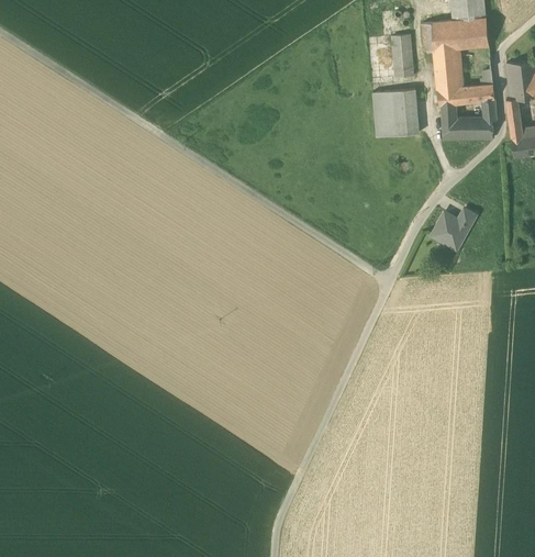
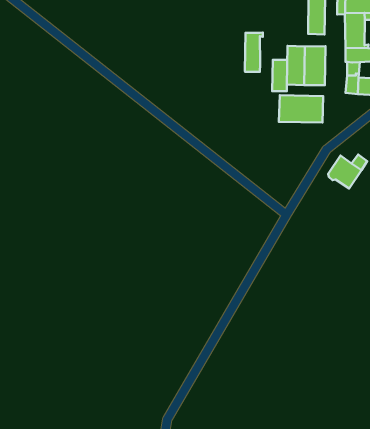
building: none -> [245,33,263,72]
building: none -> [272,60,287,91]
building: none -> [279,95,323,123]

